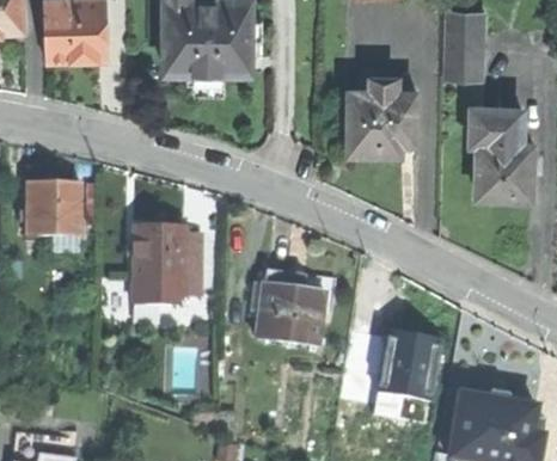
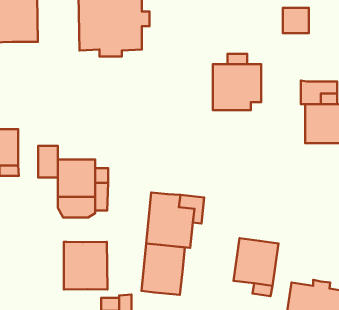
building: [445,49,481,84] -> none
building: none -> [38,146,58,177]
building: none -> [64,242,108,290]
building: none -> [141,243,185,295]

